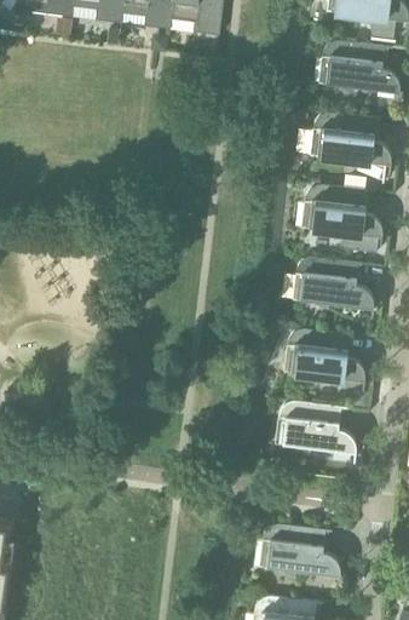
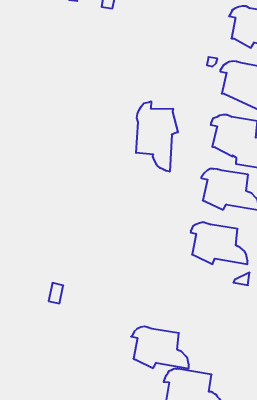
building: none -> [136,101,178,172]
building: [277,400,356,454] -> [131,326,189,368]

